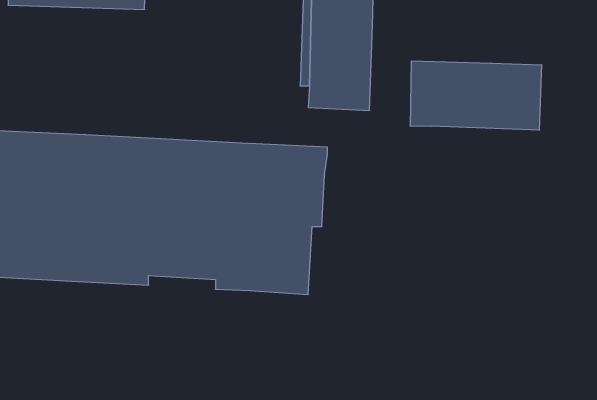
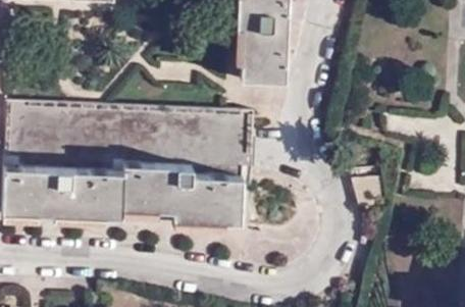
building: [410,61,542,130] -> none

